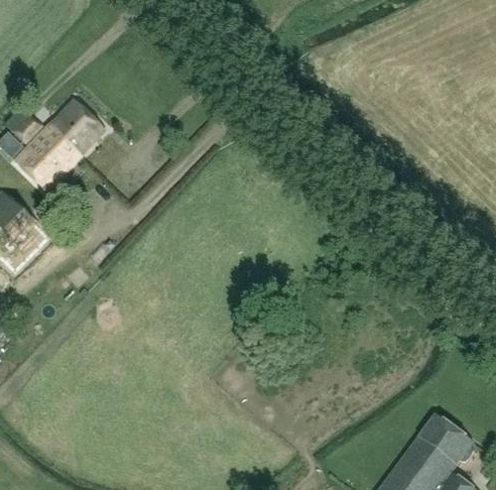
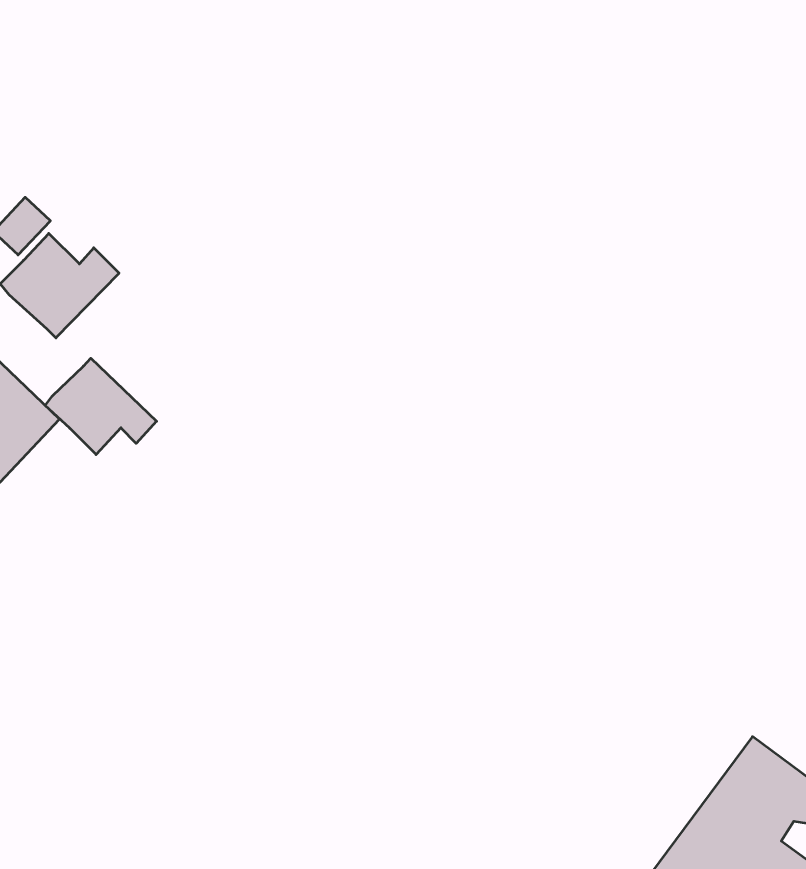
building: [41,100,104,154] -> none
building: none -> [45,358,157,455]

